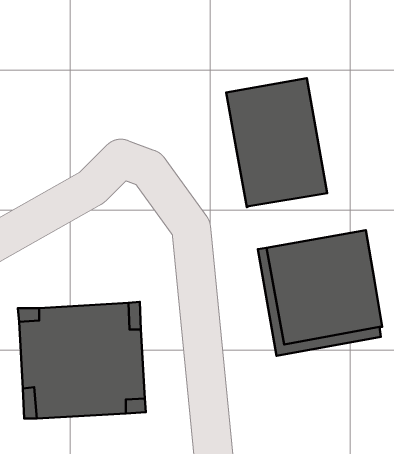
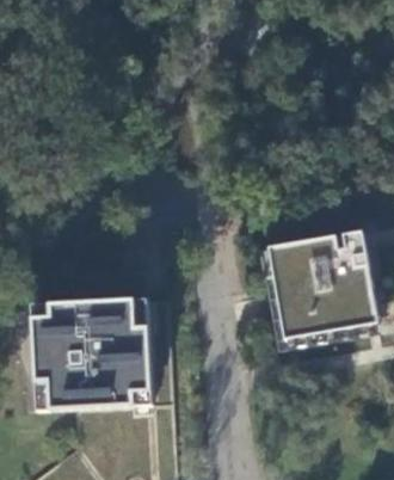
building: [226,78,327,207] -> none

